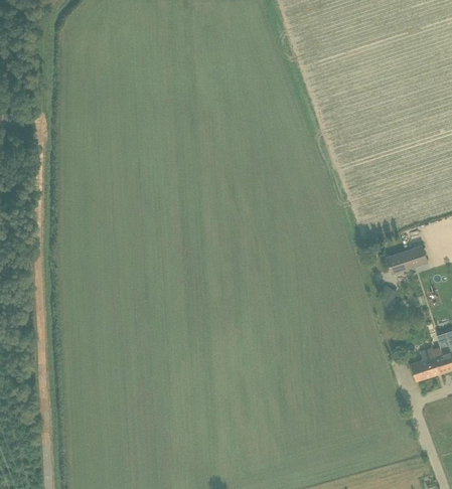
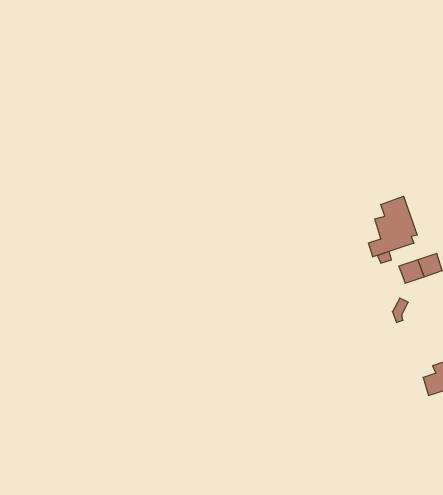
building: none -> [369,196,417,257]

